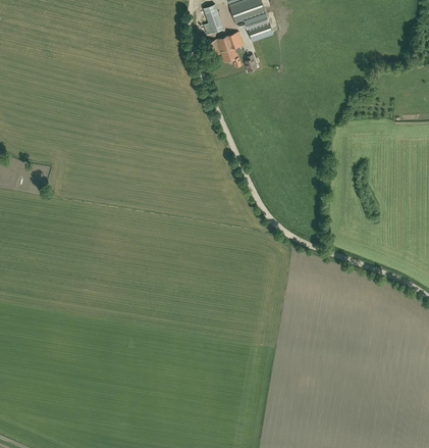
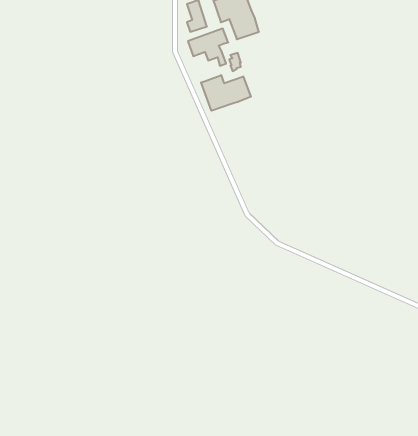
building: none -> [201,75,251,111]

